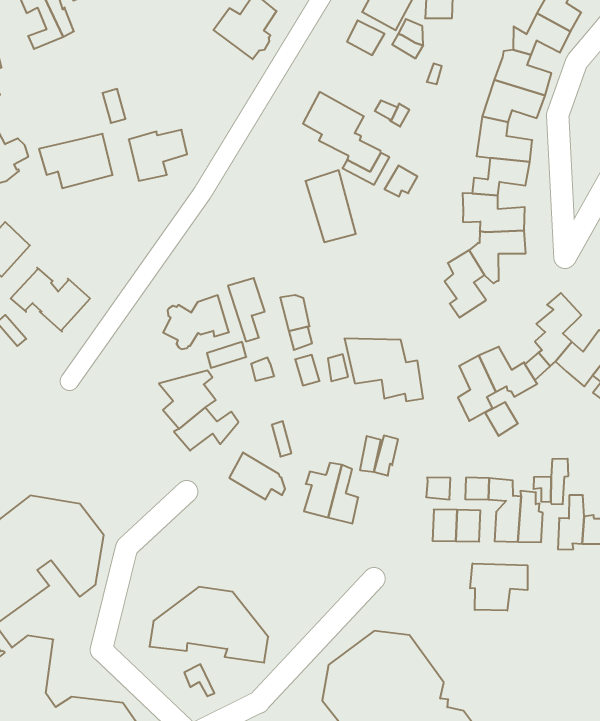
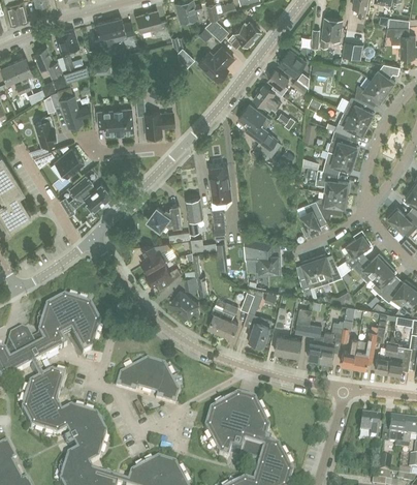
building: none -> [254,84,282,110]
building: [305,170,356,242] -> [208,163,231,201]
building: none -> [249,315,272,344]
building: [470,563,527,611] -> none

